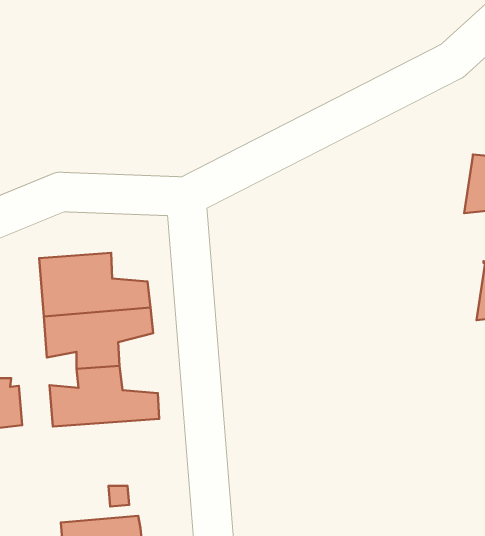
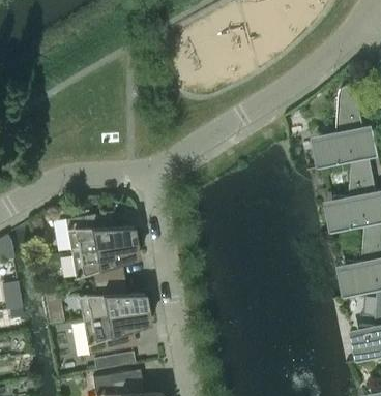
building: none -> [82,310,149,356]

